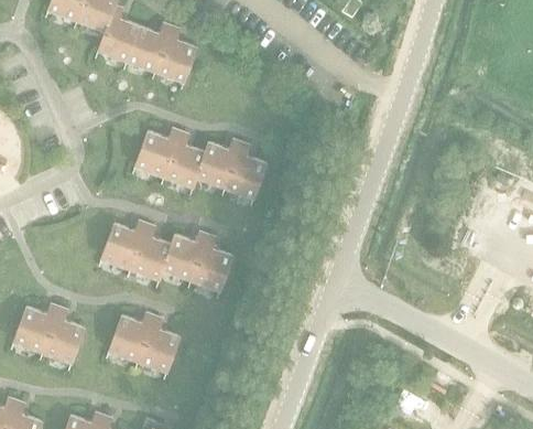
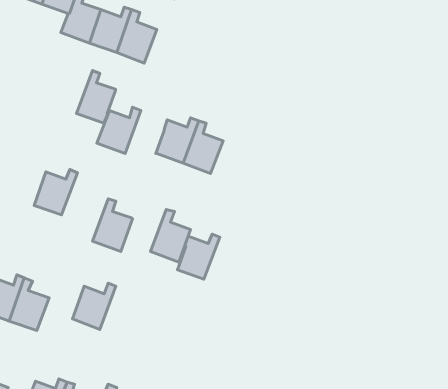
building: [163,132,204,187] -> [77,70,116,123]
building: [100,222,145,269] -> [34,170,77,215]
building: [162,233,206,280] -> [178,234,220,279]
building: [137,317,178,372] -> none

